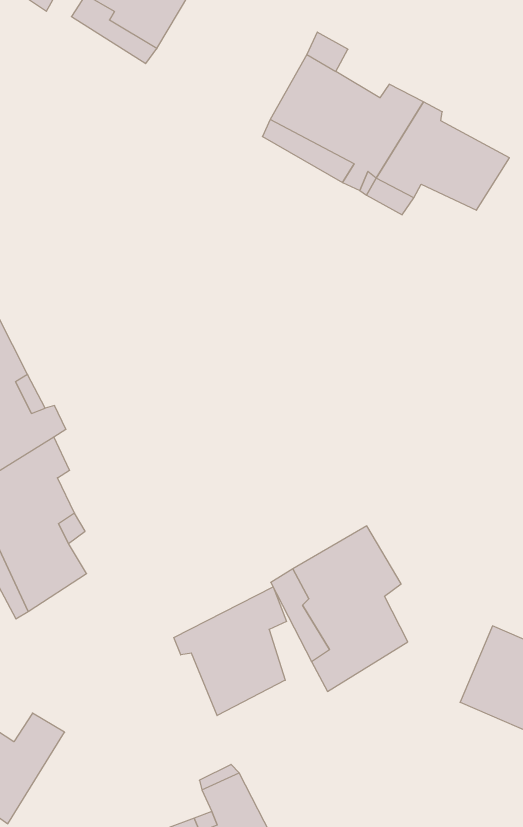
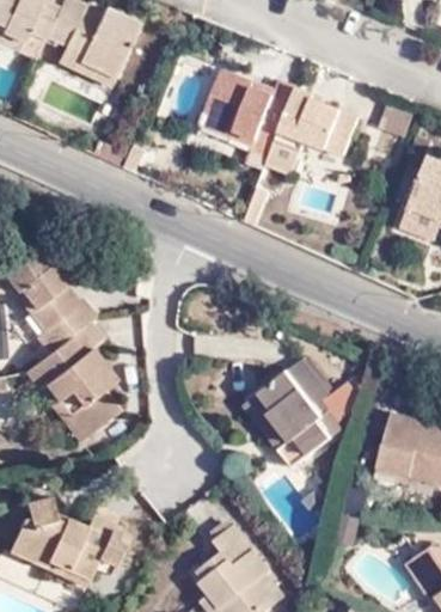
building: [174,587,287,716] -> none

